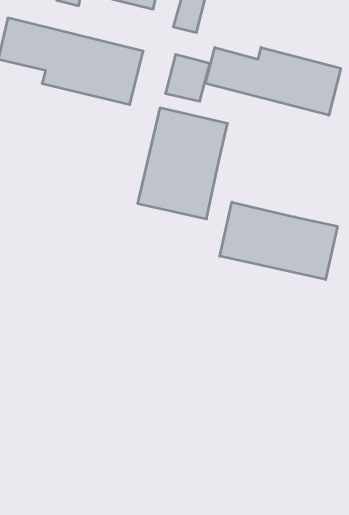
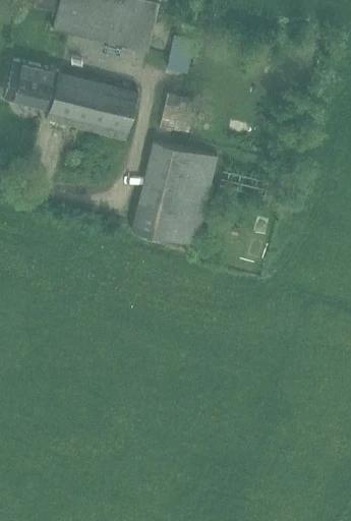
building: [206,47,341,115] -> none
building: [220,202,337,280] -> none

